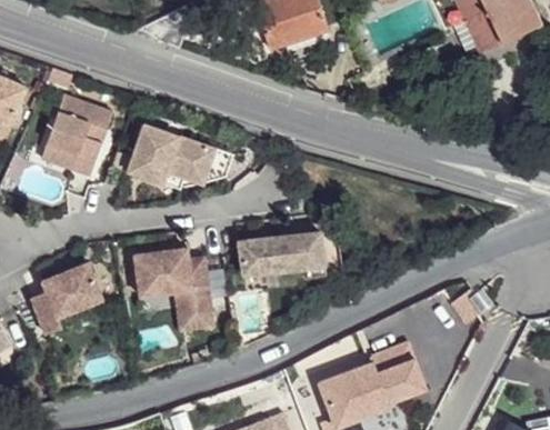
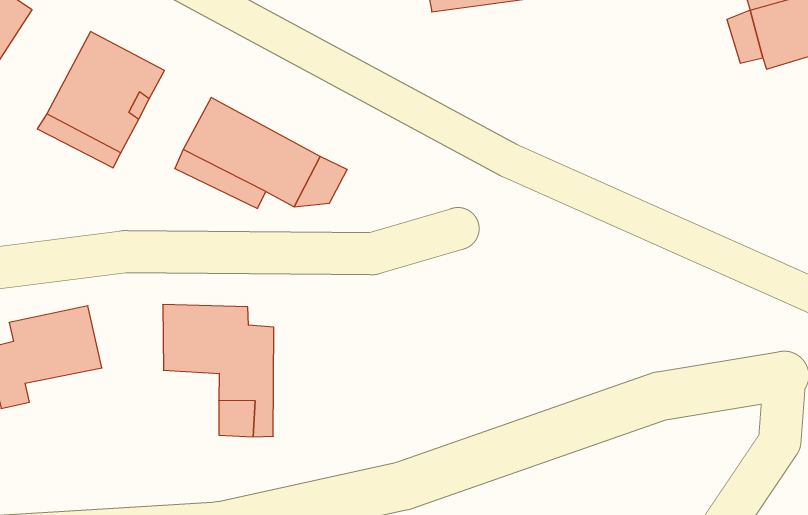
building: [240,232,327,278] -> none

